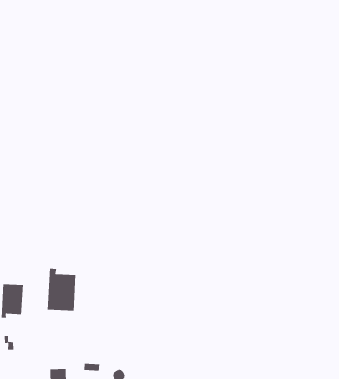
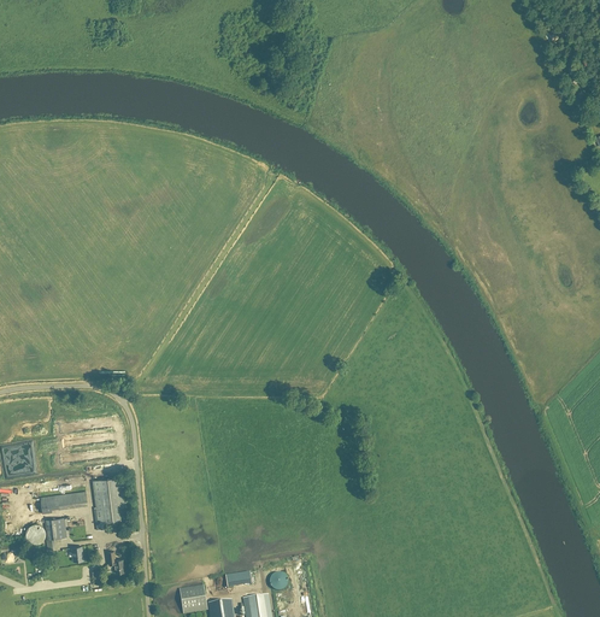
building: [47,268,76,312] -> none

